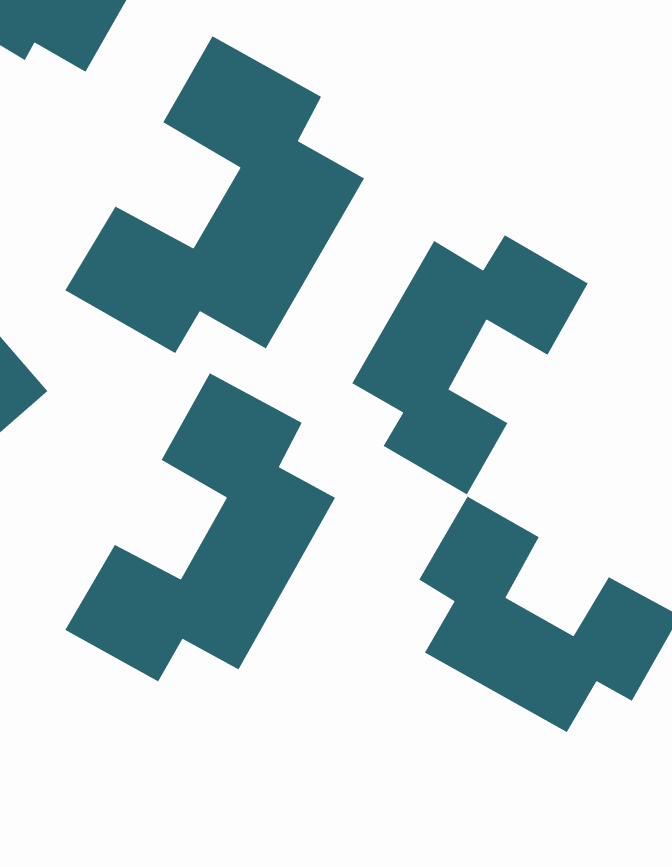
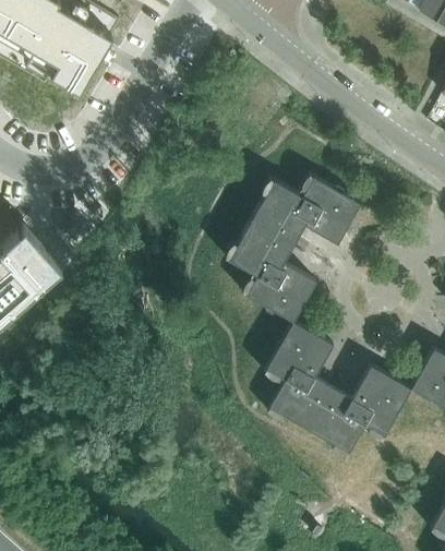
building: [64,35,365,354] -> none
building: [64,372,336,682] -> none

